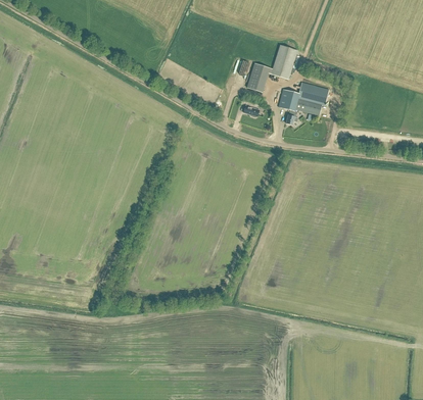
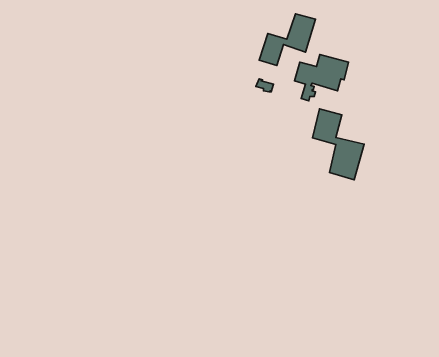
building: none -> [312,109,364,180]

